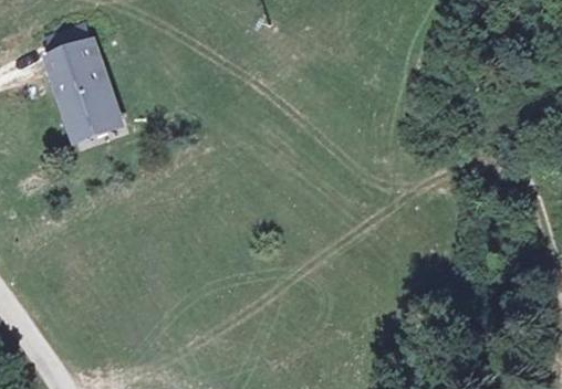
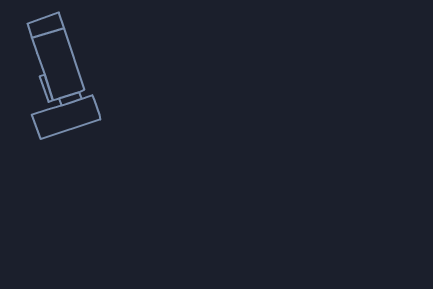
building: none -> [32,95,100,139]

